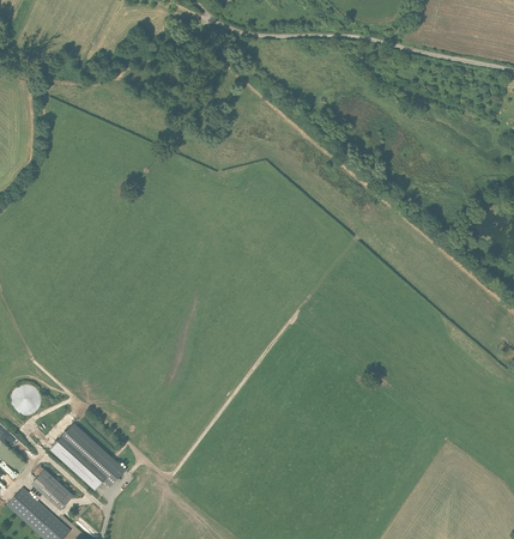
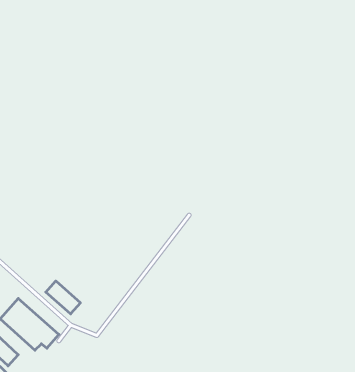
building: none -> [46,281,80,314]

